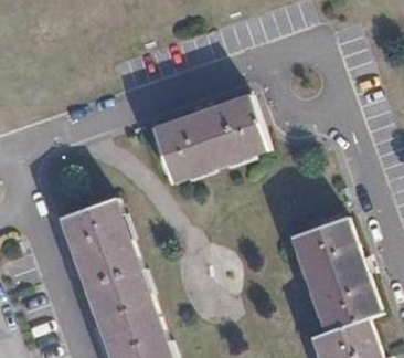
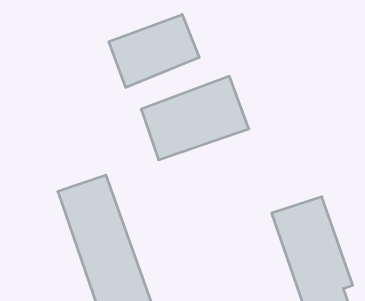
building: none -> [109,14,199,87]

